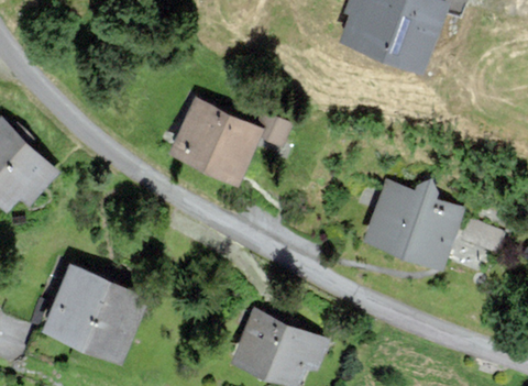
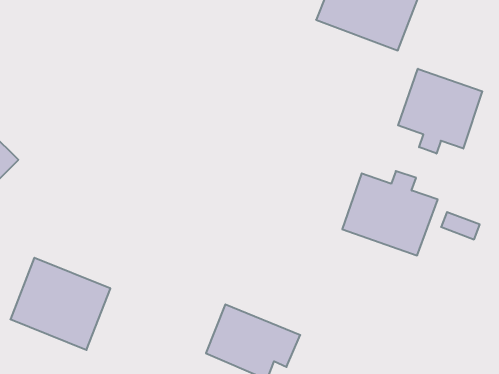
building: none -> [398,69,482,154]
building: [174,100,289,179] -> none

